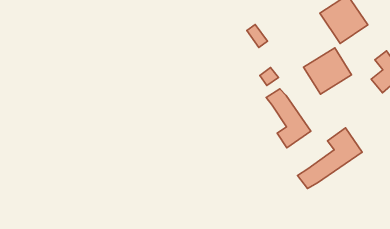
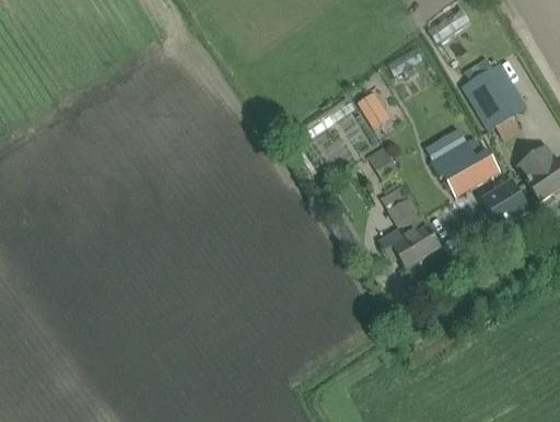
building: none -> [480,179,527,225]
building: [297,128,362,189] -> none

